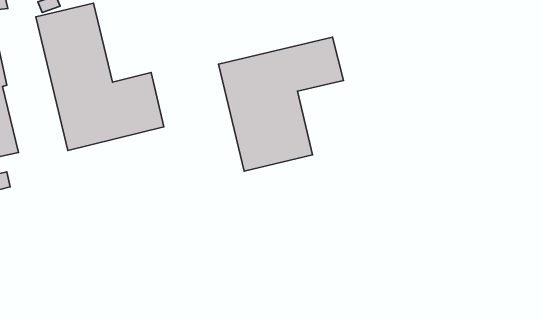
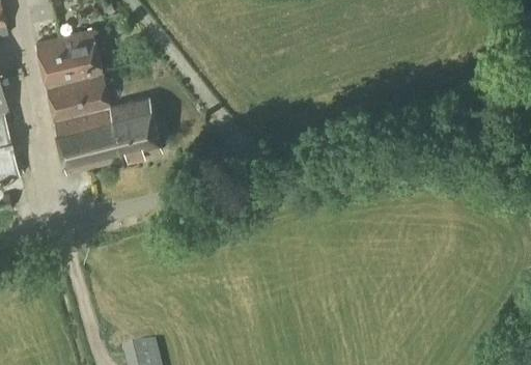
building: [218,37,343,171] -> none

